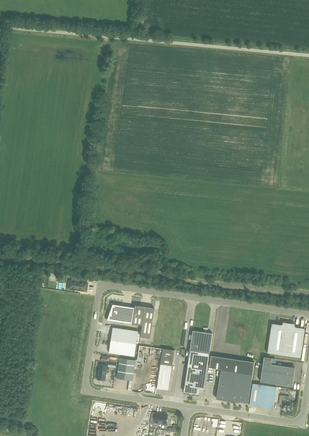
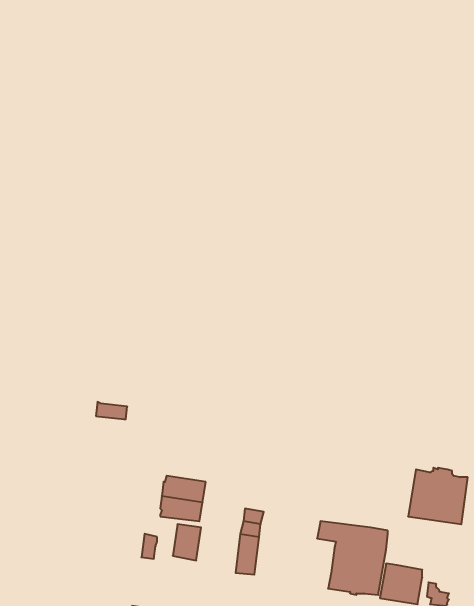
building: [106,303,153,338] -> none
building: [183,331,212,394] -> none
building: [259,357,294,386] -> none

